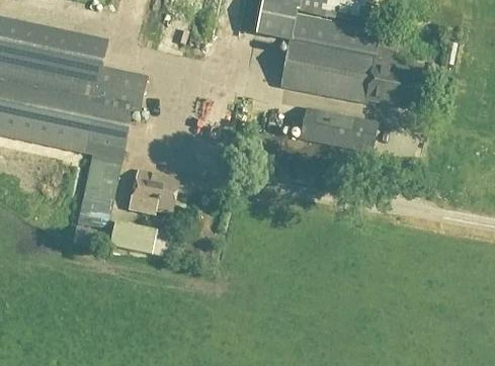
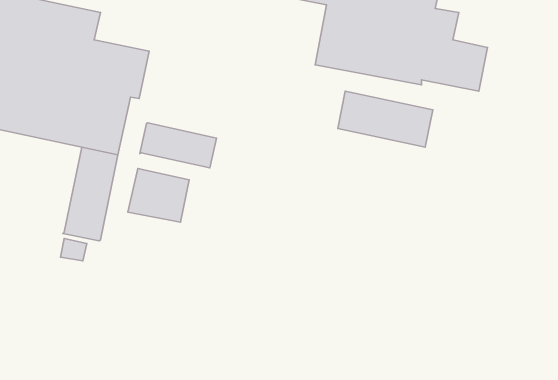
building: none -> [140,123,216,168]
building: [110,223,154,254] -> none

